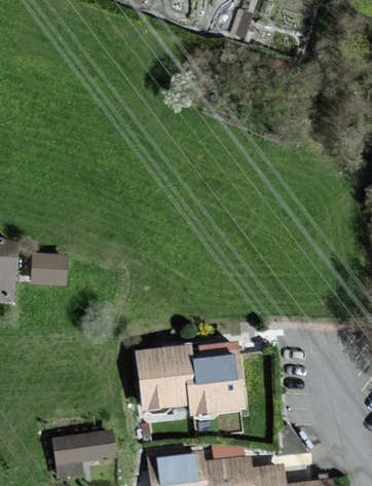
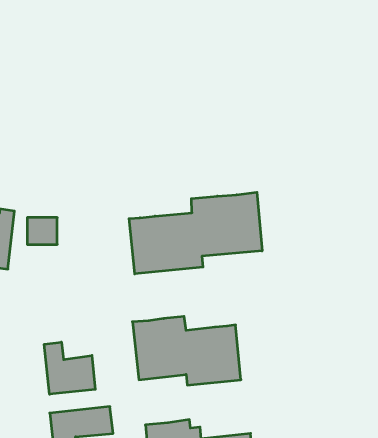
building: none -> [129,192,262,274]
building: none -> [44,342,95,394]

